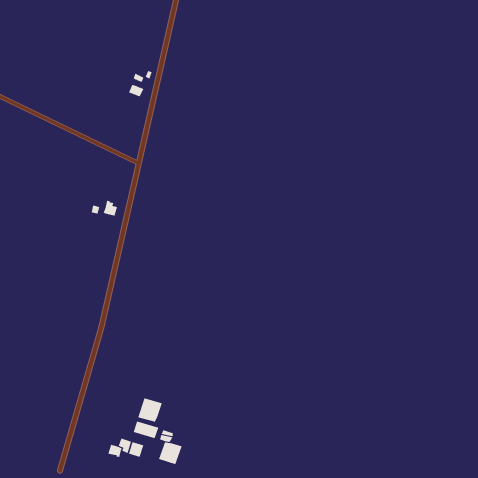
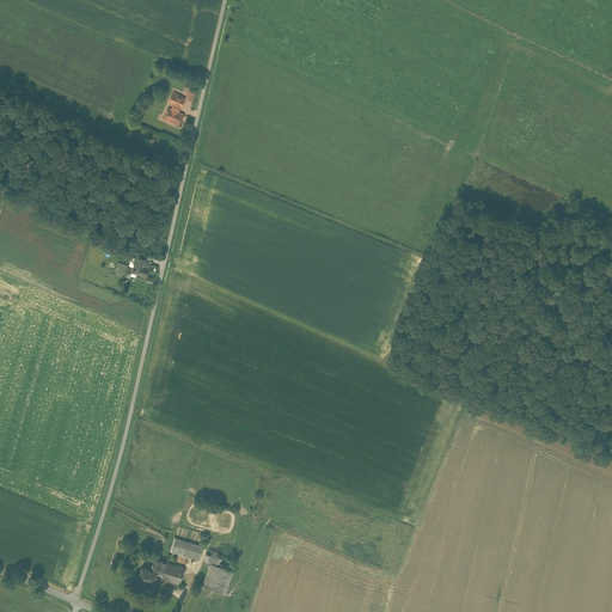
building: [138,398,162,423] -> none

